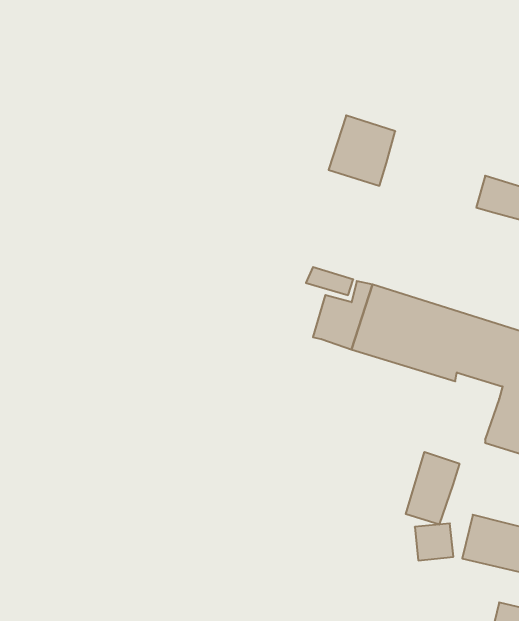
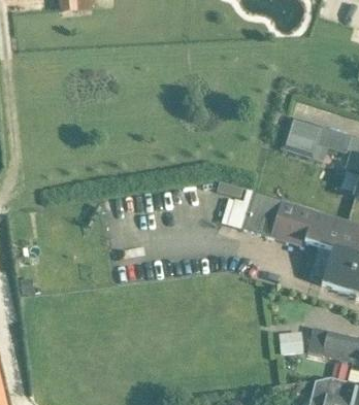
building: [329,115,395,186] -> [282,117,321,159]
building: [406,452,459,525] -> none

